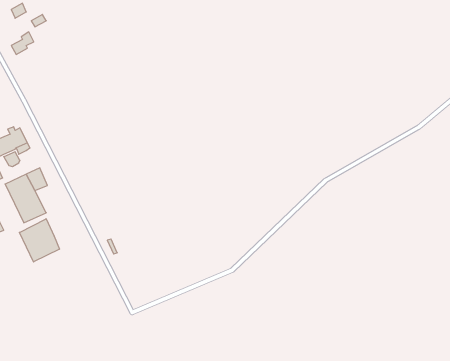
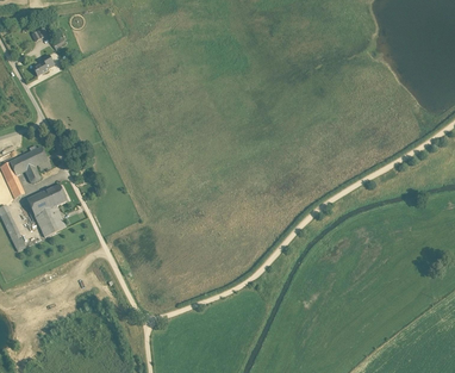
building: [19,219,59,262] -> none

